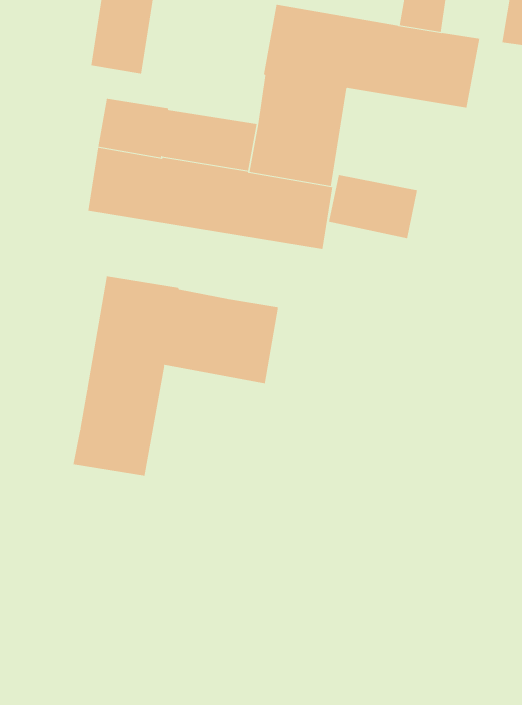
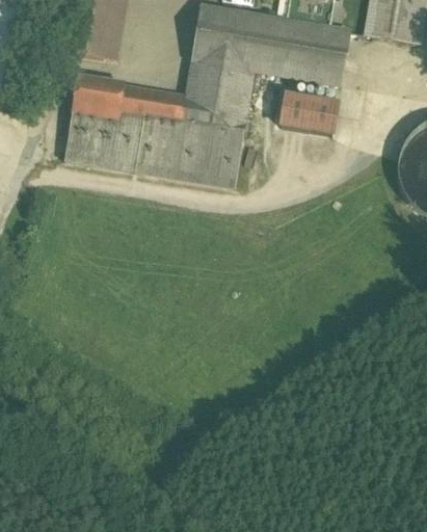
building: [328,175,418,239] -> [266,87,331,134]
building: [73,275,279,477] -> none

